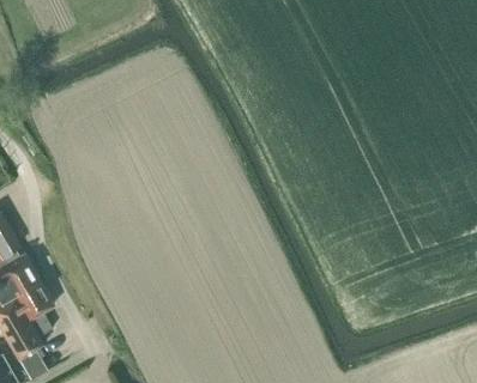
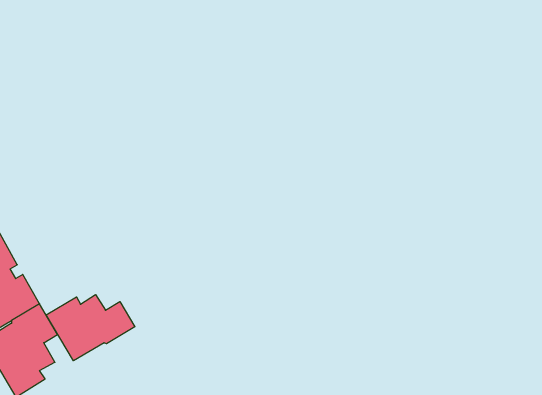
building: none -> [46,295,135,361]

